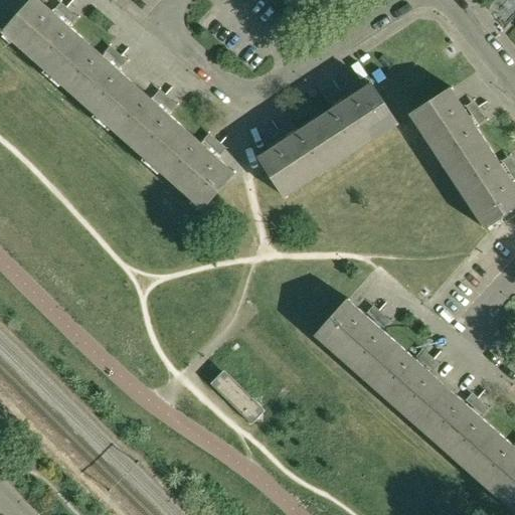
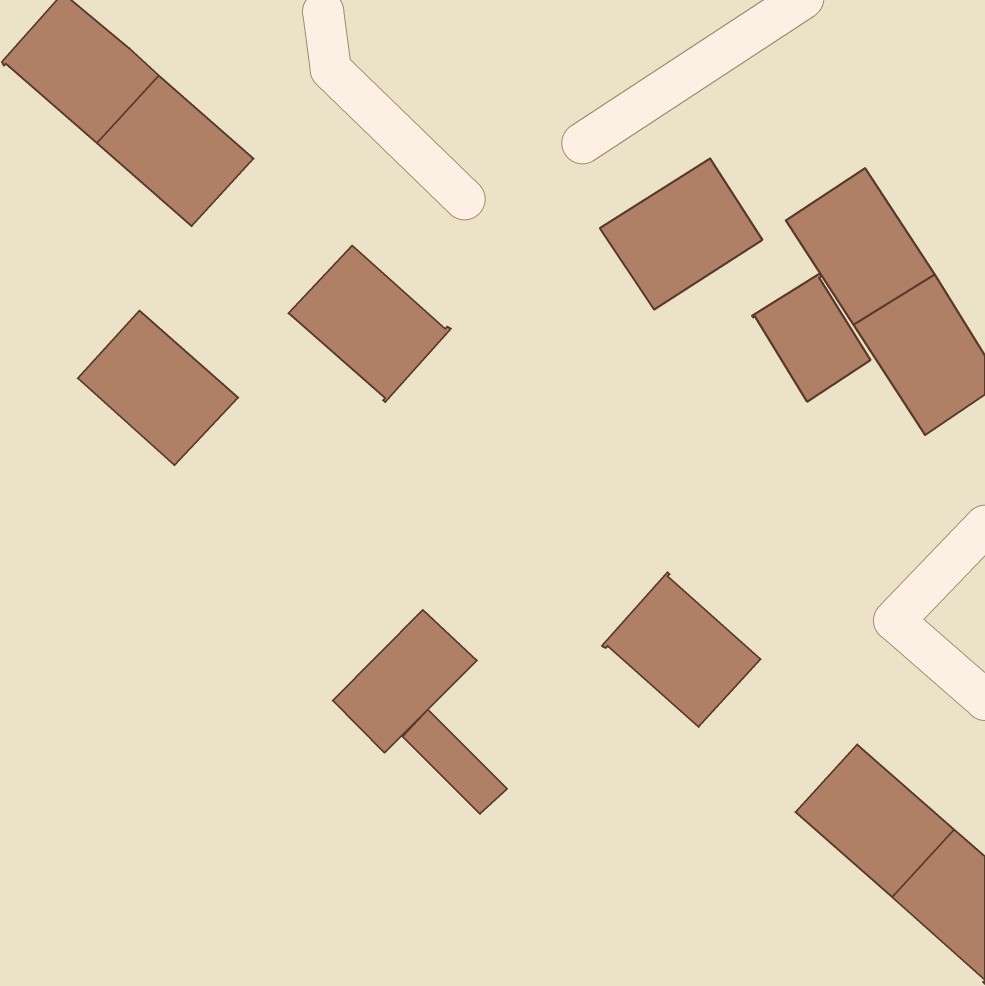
building: [100,82,183,163] -> [78,311,238,465]
building: [255,119,340,197] -> none
building: none -> [752,273,870,402]
building: none -> [333,610,477,753]
building: [363,343,446,422] -> none

